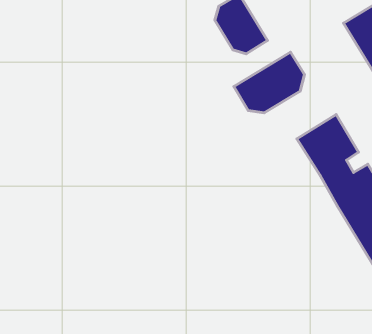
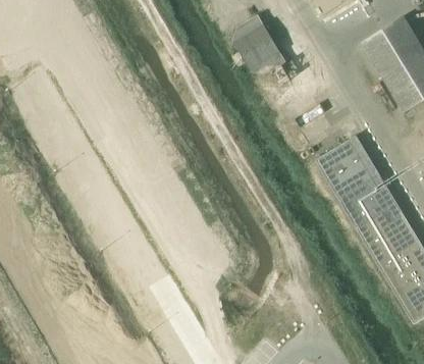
building: [234,52,304,113] -> none

